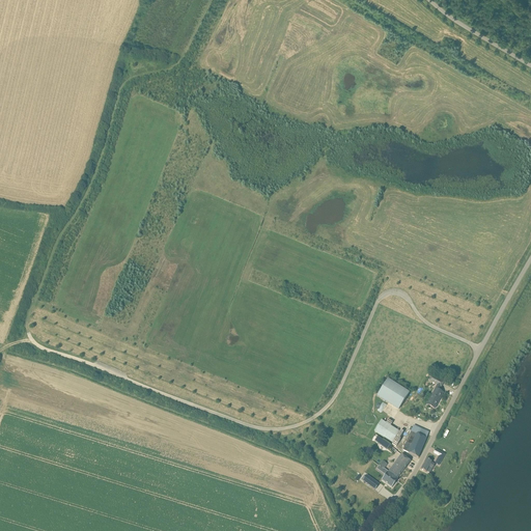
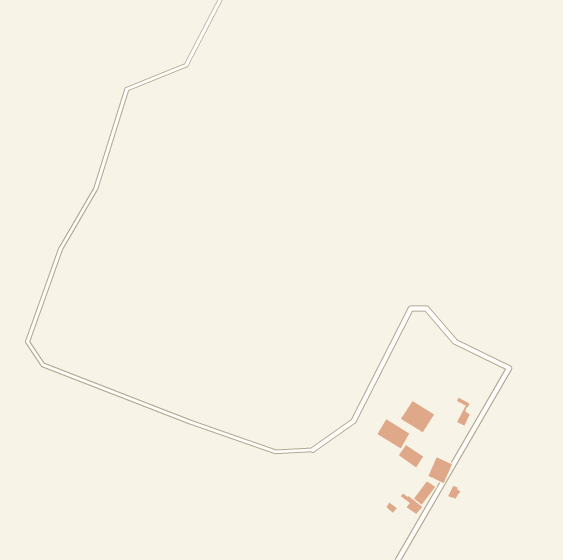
building: none -> [377,418,410,449]

